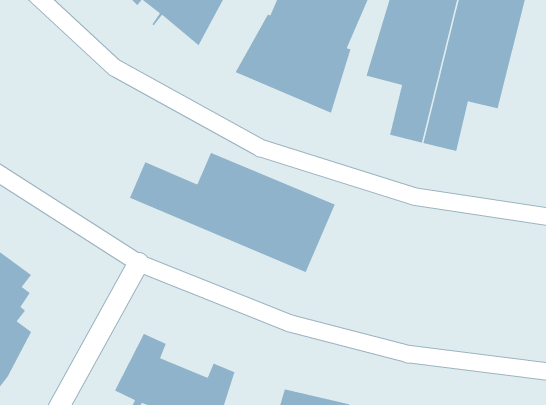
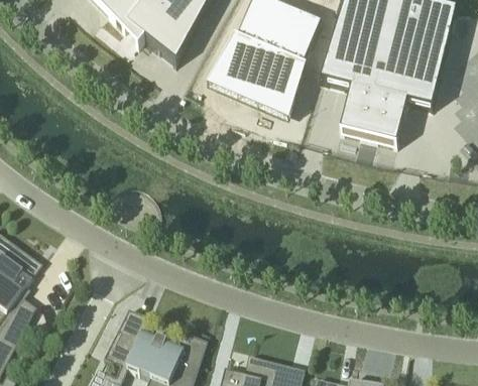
building: [129,152,336,273] -> none

